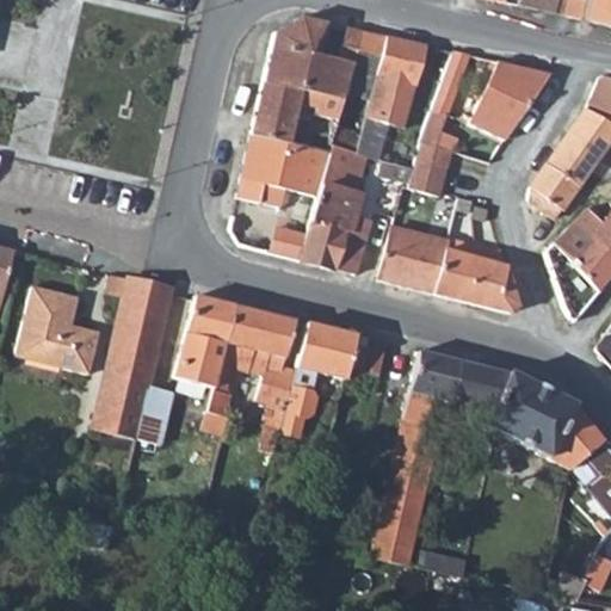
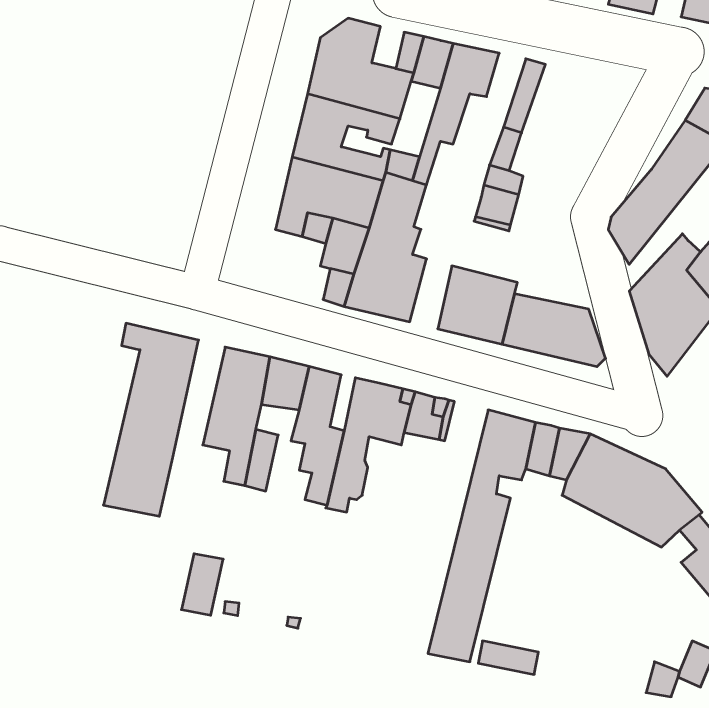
building: [475,61,550,134] -> none
building: [14,288,99,377] -> none
building: [141,393,177,445] -> [181,554,223,615]

